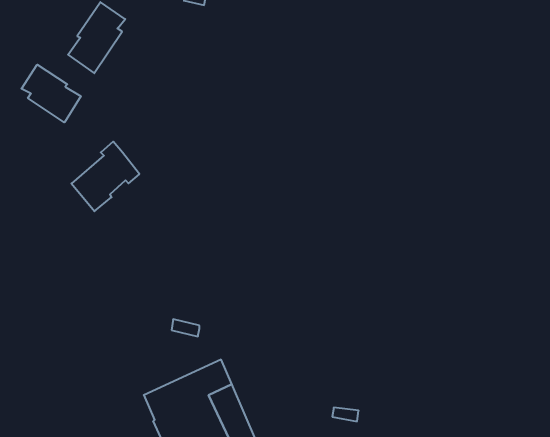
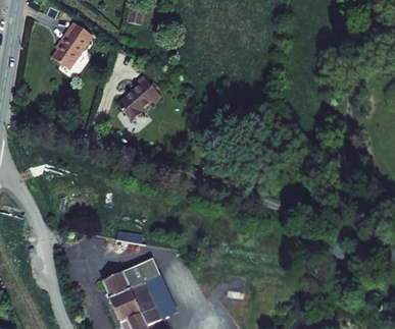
building: [21,65,81,122] -> none
building: [71,142,139,211] -> [116,75,161,121]

